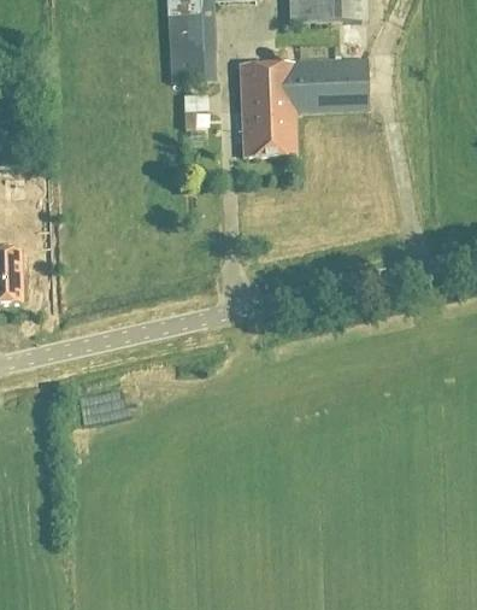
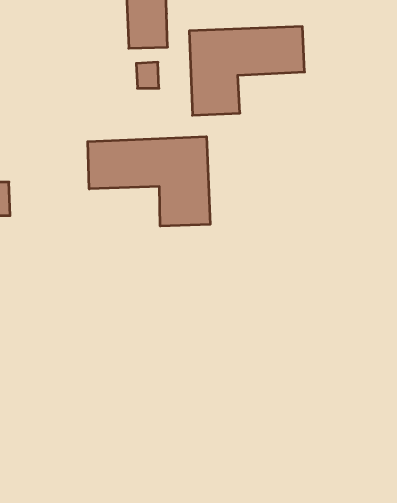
building: none -> [88,137,210,226]

